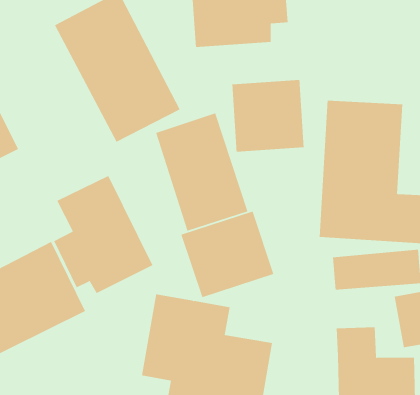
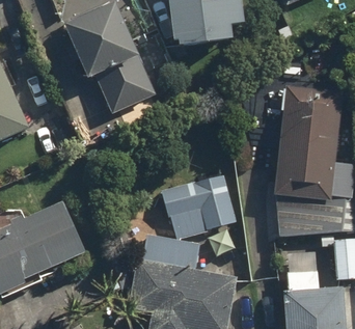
building: [232,79,304,153] -> none
building: [155,112,248,231] -> none
building: [54,175,153,294] -> none

